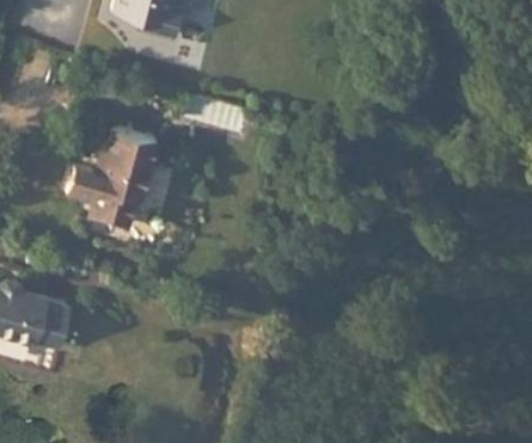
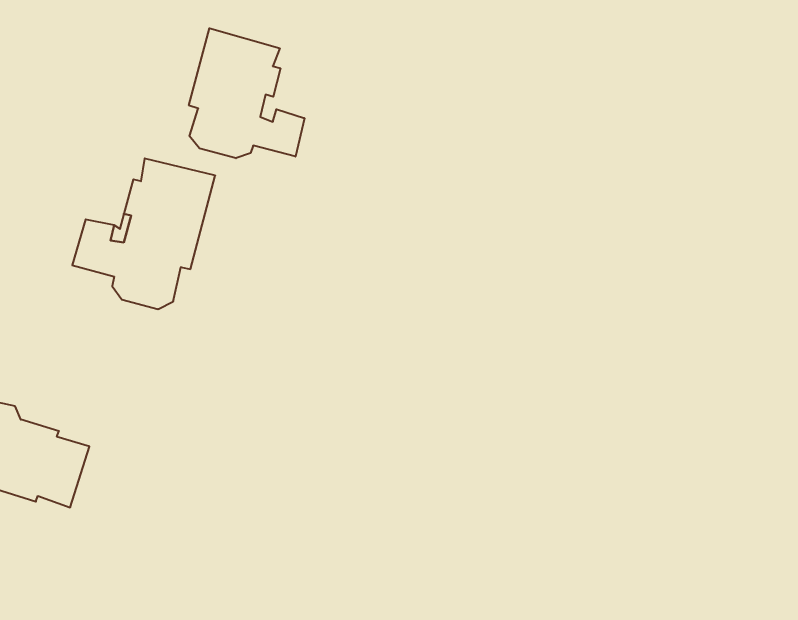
building: none -> [189,28,304,158]

